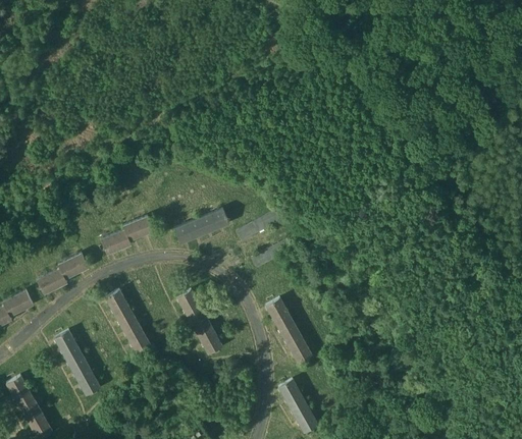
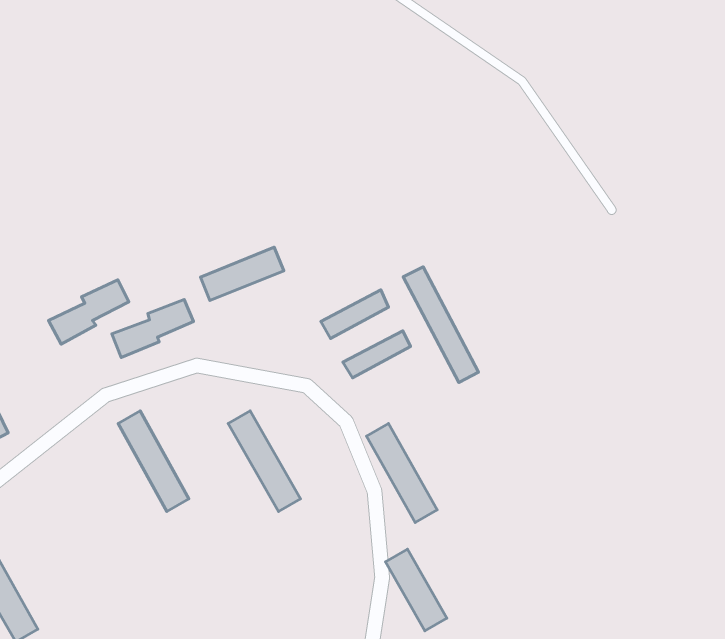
building: none -> [403,267,479,382]
building: [174,209,228,243] -> [200,247,284,301]
building: [36,253,88,294] -> [49,280,129,344]
building: [54,330,100,395] -> none

